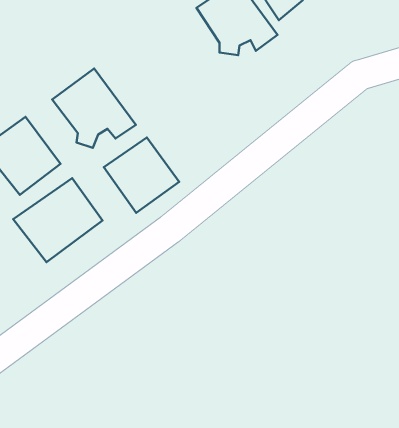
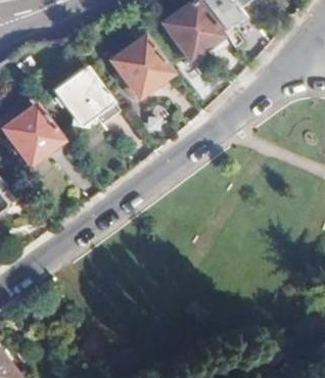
building: [104,138,179,213] -> [112,38,170,95]
building: [13,178,103,262] -> none

